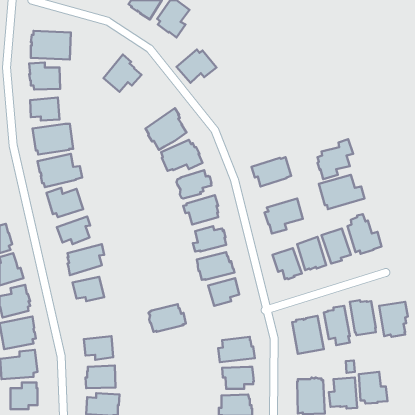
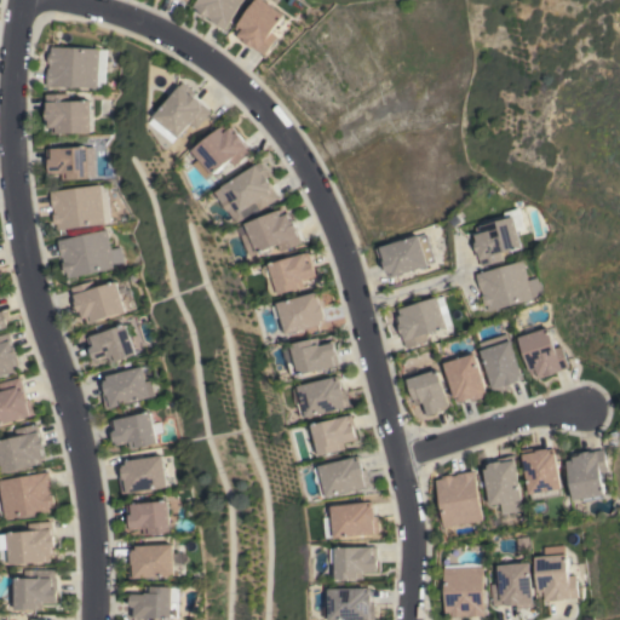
building: [177,50,216,83] -> [193,126,252,176]
building: [148,304,186,332] -> [314,457,369,498]
building: none -> [117,455,165,495]

